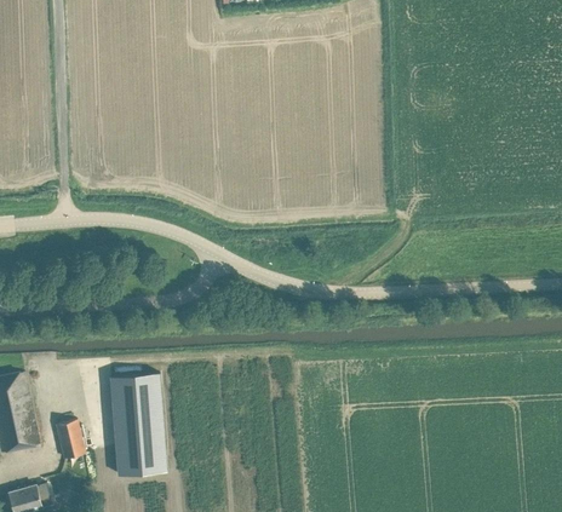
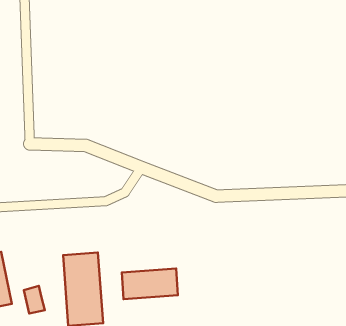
building: none -> [122,269,178,299]

